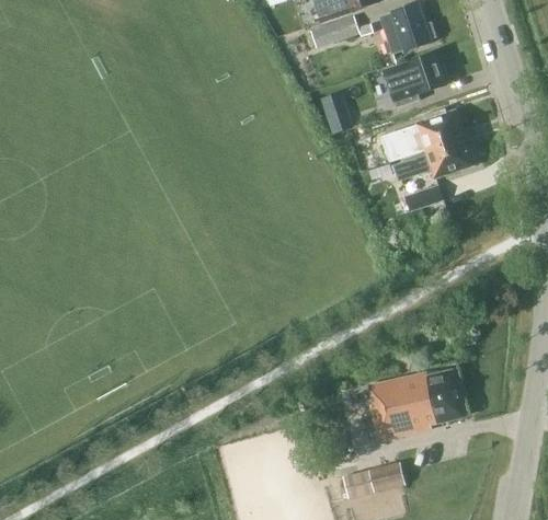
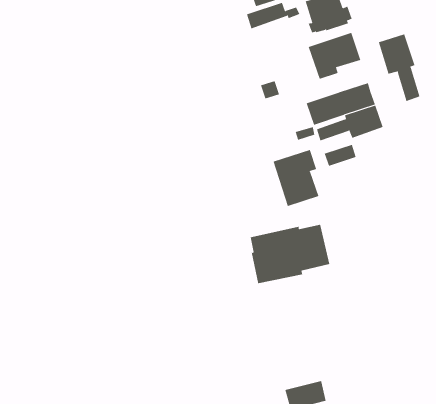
building: none -> [378,33,420,102]
building: none -> [273,149,319,207]
building: [369,369,464,439] -> [250,224,330,284]

